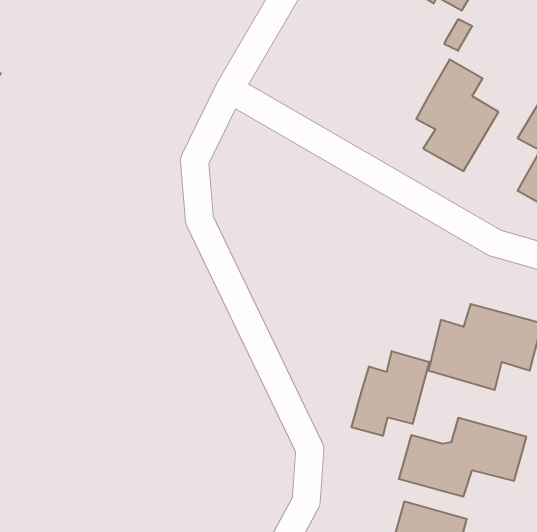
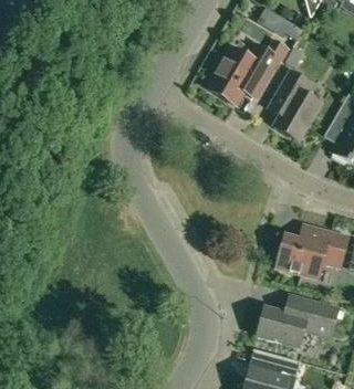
building: none -> [207,41,287,103]
building: [352,351,429,436] -> none

